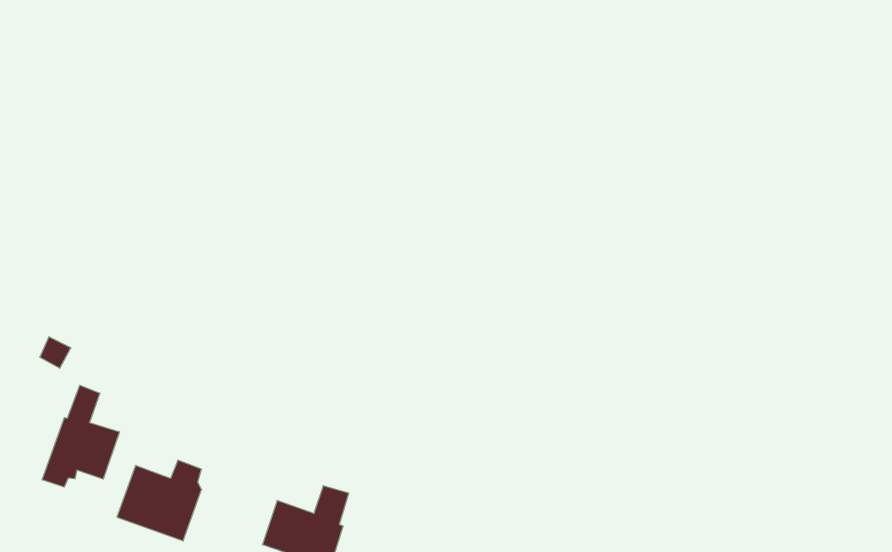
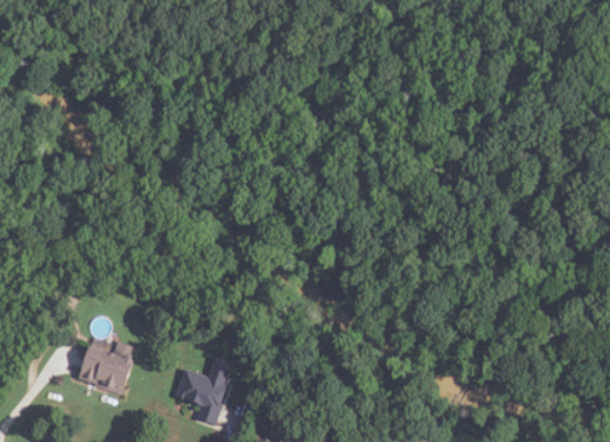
building: [42,385,119,487] -> none

